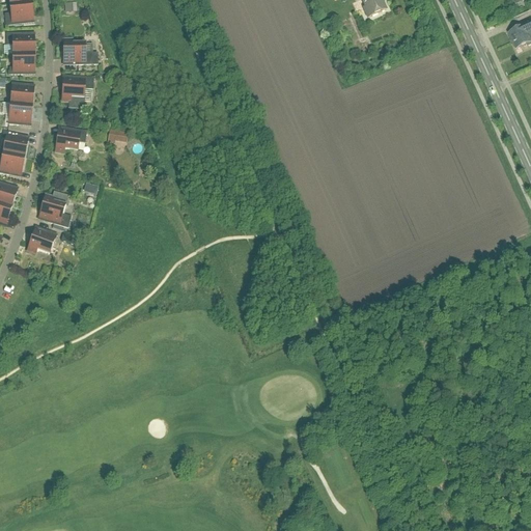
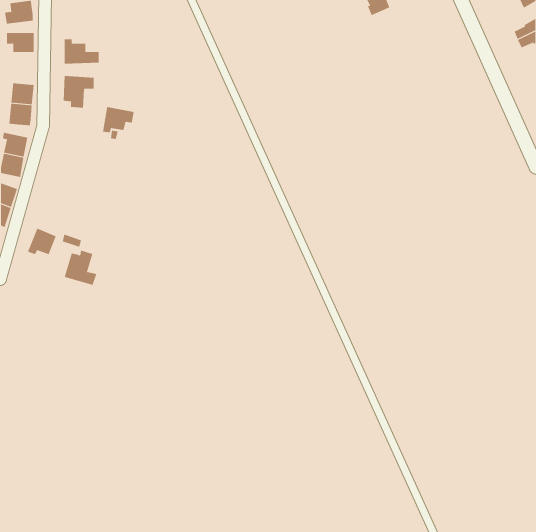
building: [9,52,34,73] -> none
building: [55,125,87,151] -> [102,106,135,133]
building: [38,191,72,226] -> [64,250,97,285]

